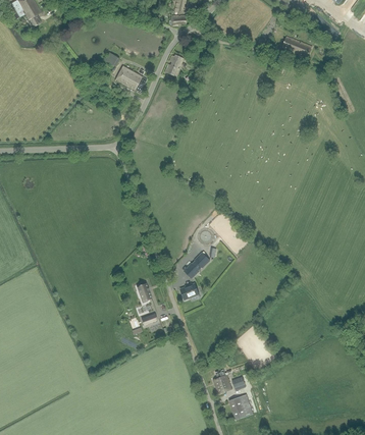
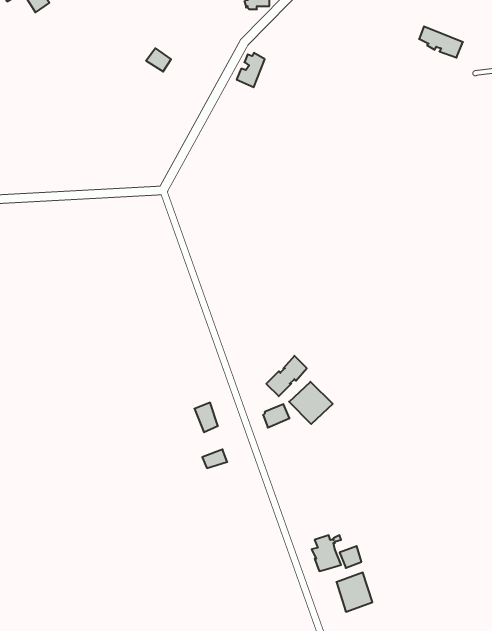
building: [115,65,147,93] -> none
building: none -> [289,382,333,424]

